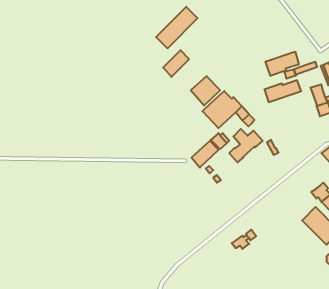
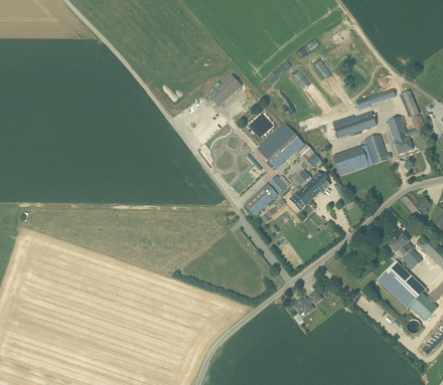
building: [156,7,198,48] -> none
building: [266,52,299,76] -> none
building: none -> [364,135,392,165]
building: none -> [333,147,368,176]

